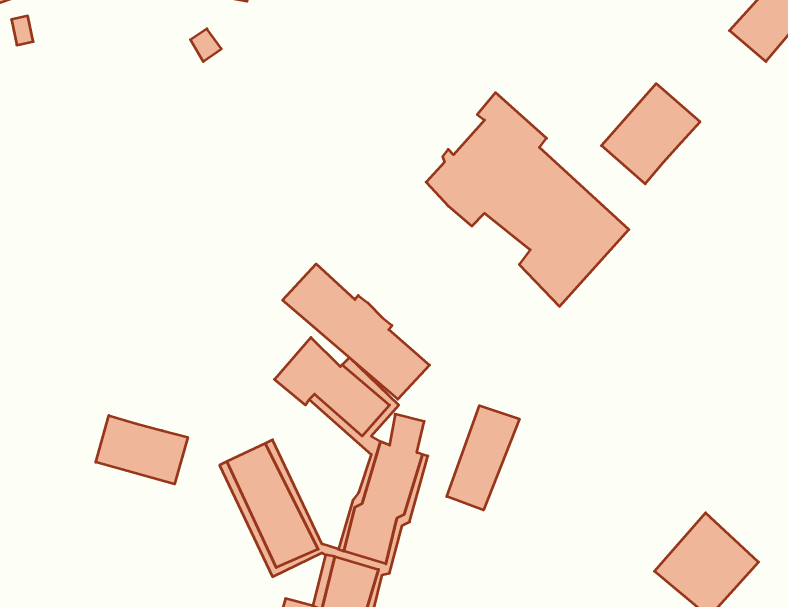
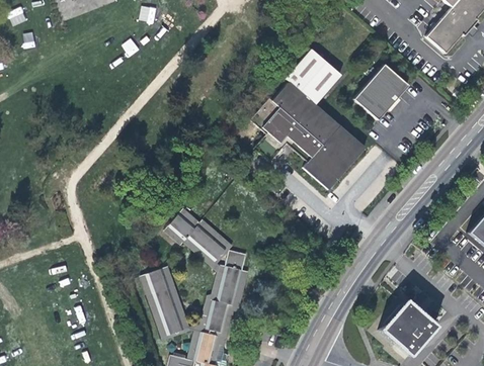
building: none -> [292,54,336,96]
building: [283,264,430,399] -> none
building: [447,406,519,510] -> none
building: [96,415,188,484] -> none

